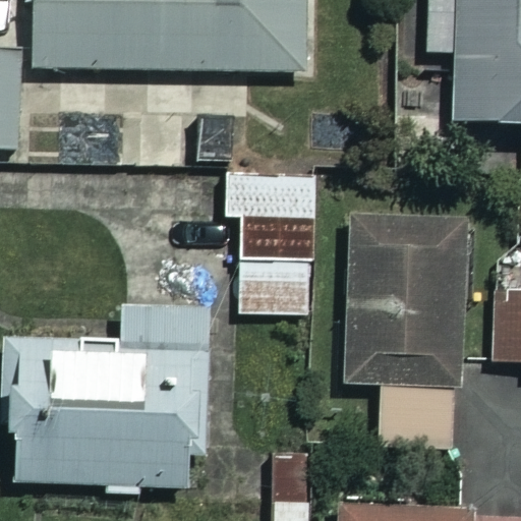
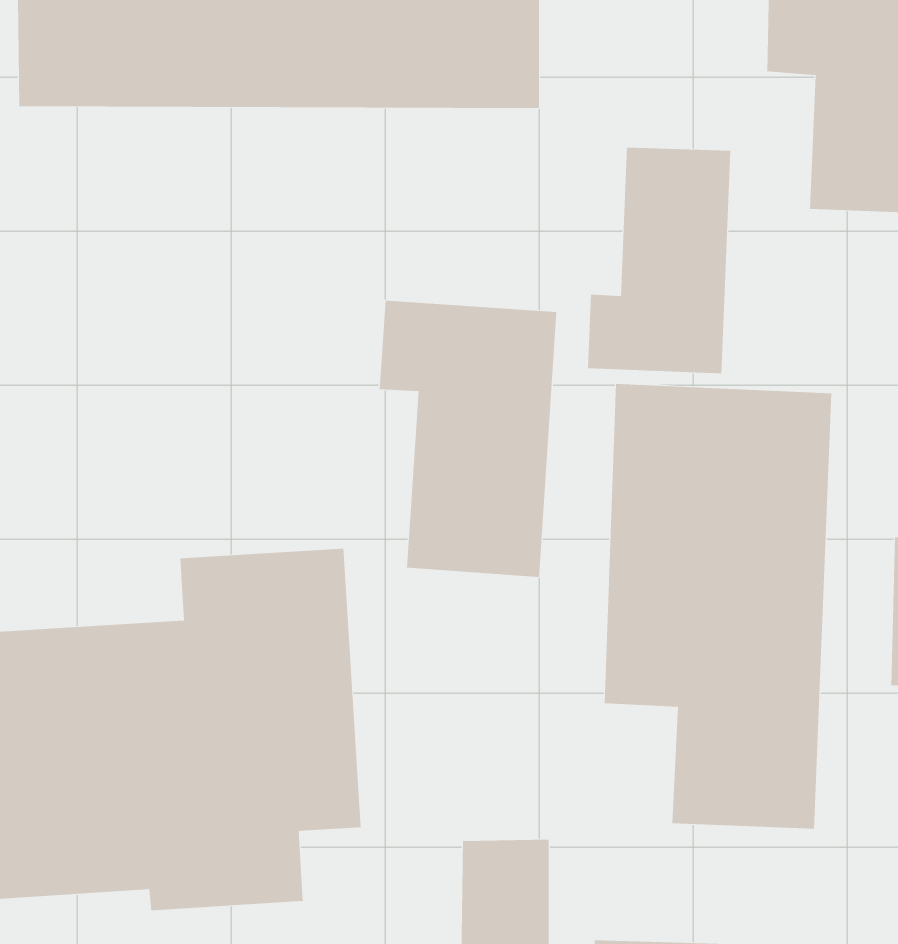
building: none -> [587,147,731,374]

